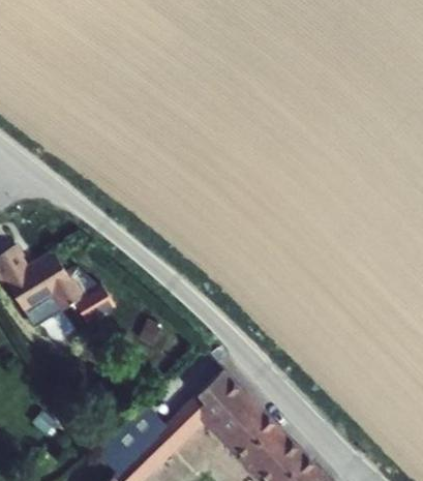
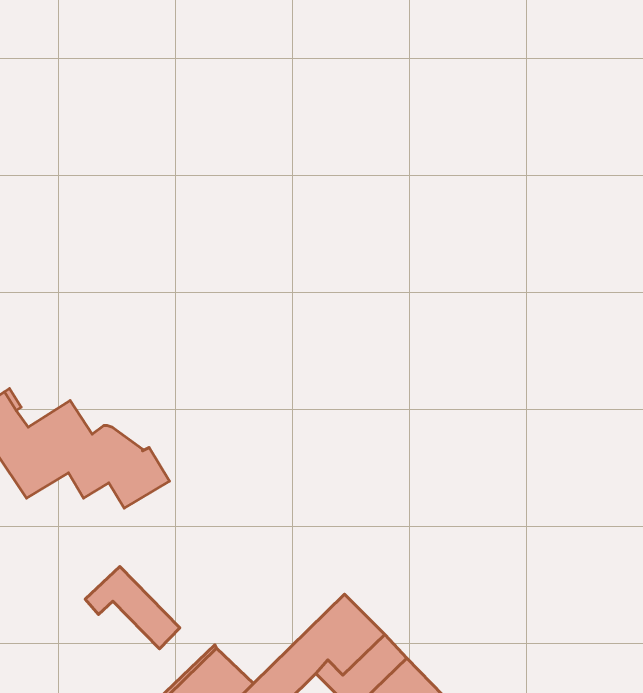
building: none -> [85,567,180,649]

